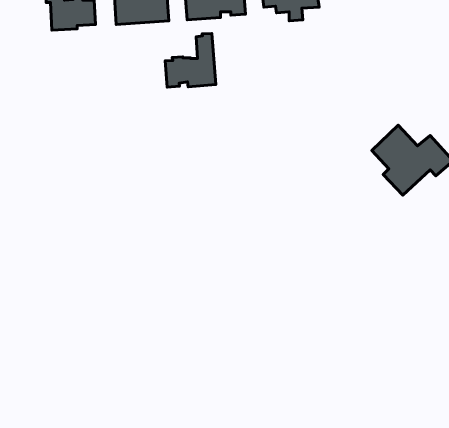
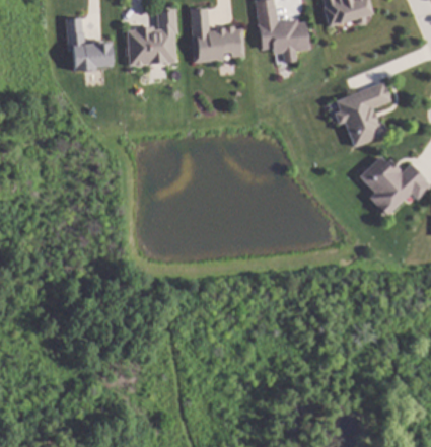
building: [165,33,216,87] -> none
building: none -> [337,81,392,146]

